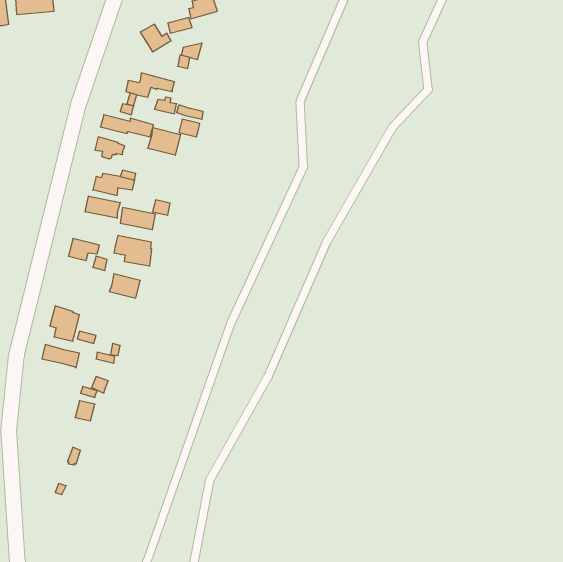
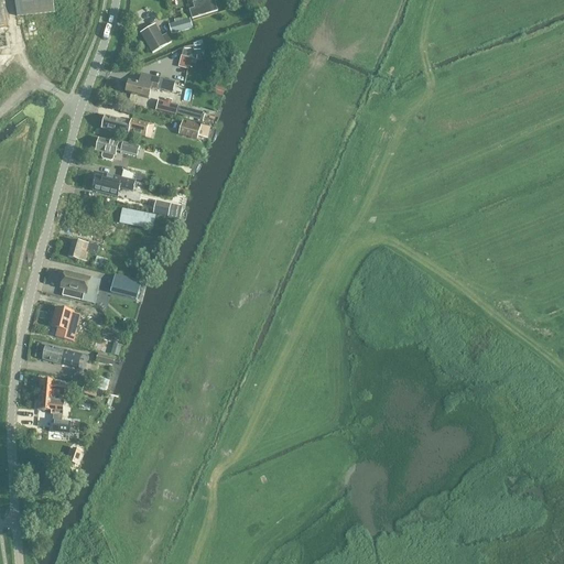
building: [148,128,180,155] -> none
building: [85,196,120,218] -> none
building: [114,235,152,266] -> none
building: none -> [59,271,89,300]
building: none -> [37,378,68,432]

